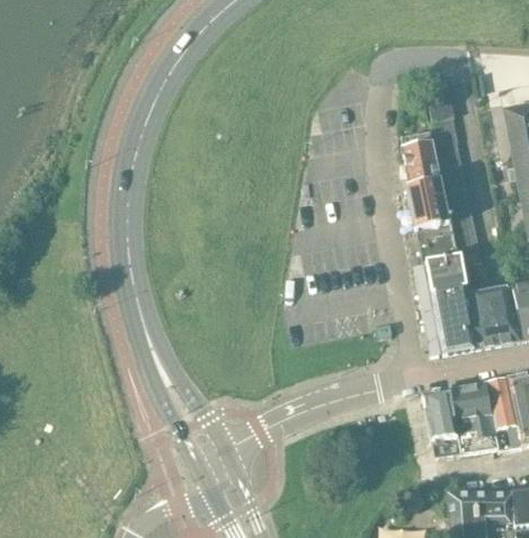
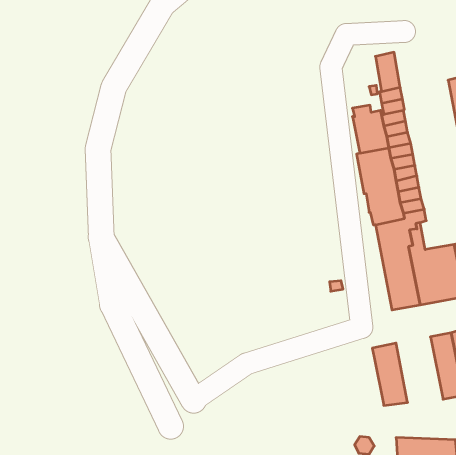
building: [447,383,497,453] -> none

